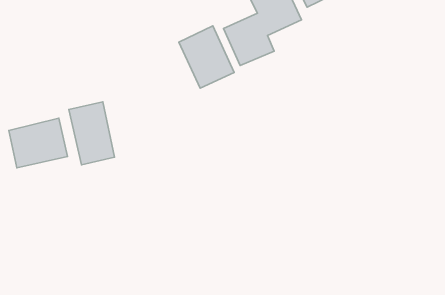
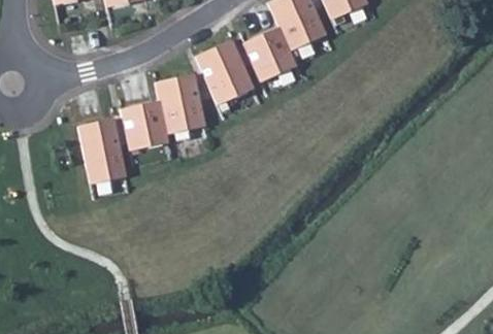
building: none -> [121,73,205,151]
building: [9,118,67,168] -> none

